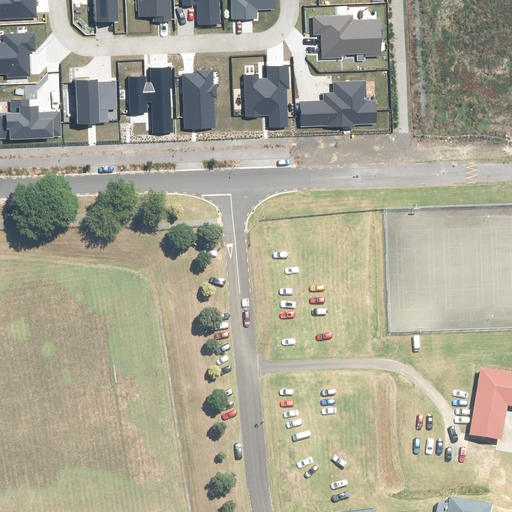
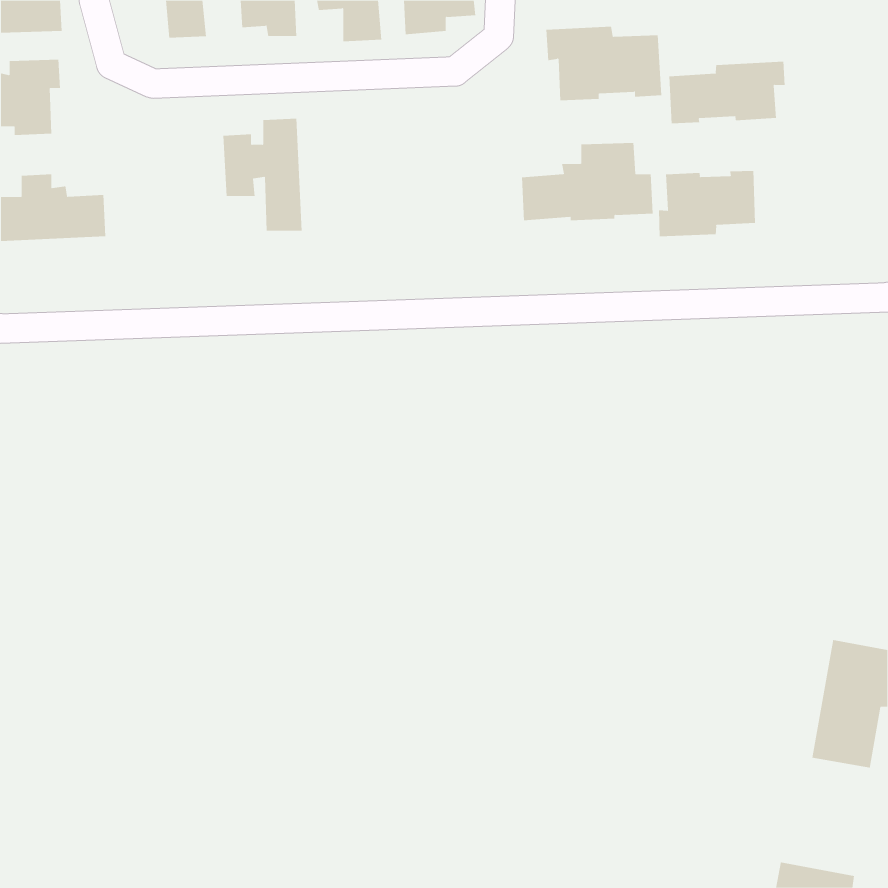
building: none -> [669,61,785,124]
building: [244,65,288,127] -> none
building: [183,70,217,129] -> none
building: [76,80,116,124] -> none
building: none -> [658,170,756,237]

